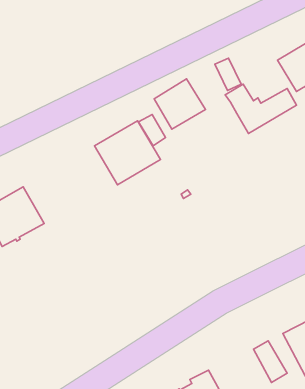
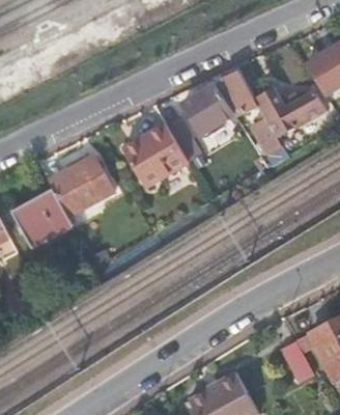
building: none -> [216,64,259,115]
building: none -> [251,116,288,168]
building: none -> [50,156,115,216]

